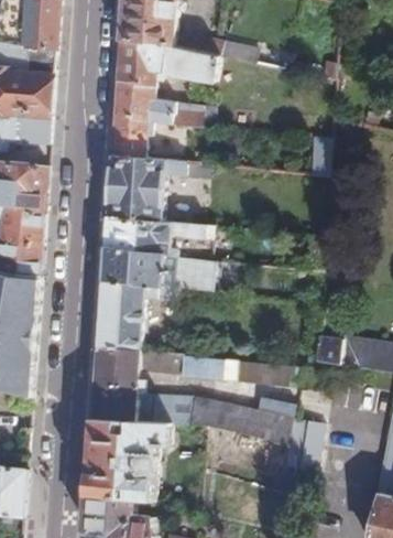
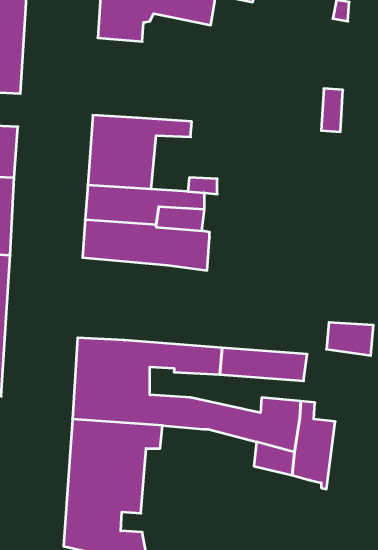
building: [110,88,200,158] -> none
building: [97,279,175,351] -> none

